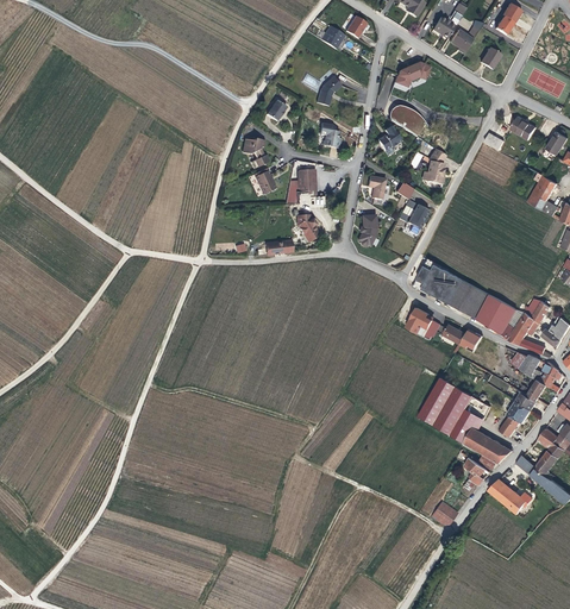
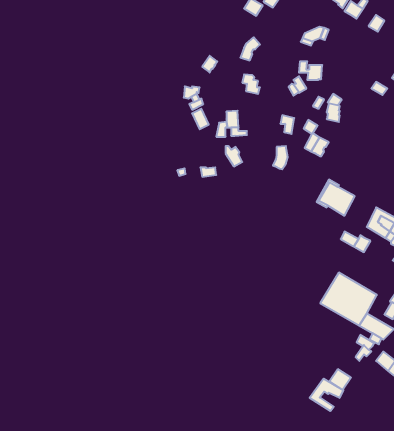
building: [449,280,489,319] -> none
building: [406,307,440,339] -> none
building: none -> [310,379,343,411]

